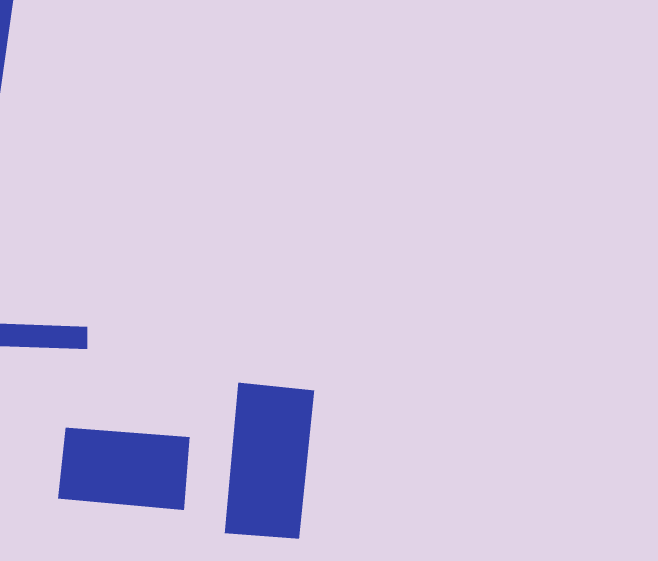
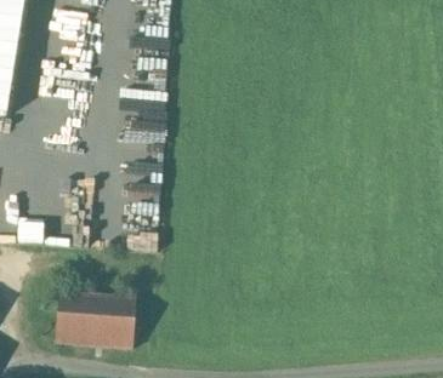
building: [224,382,315,539] -> none

